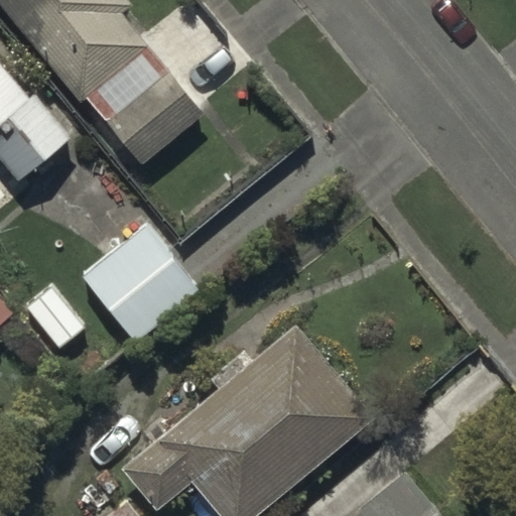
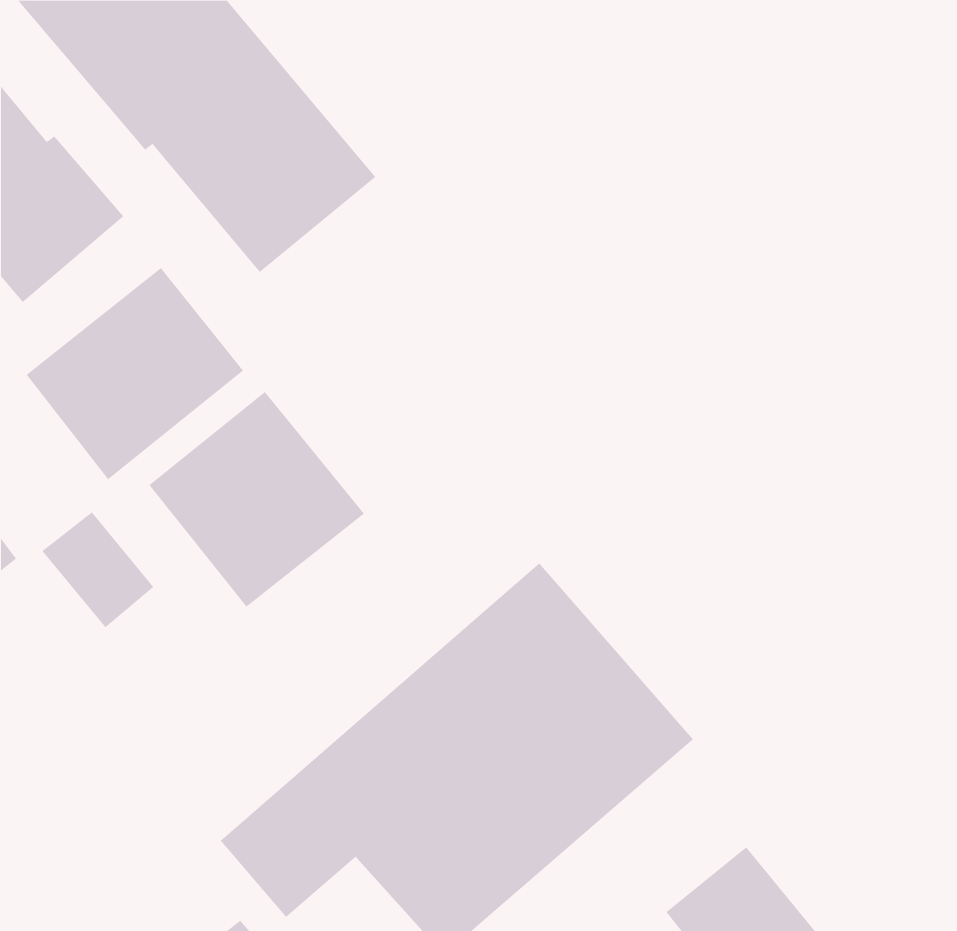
building: none -> [26,267,244,480]

